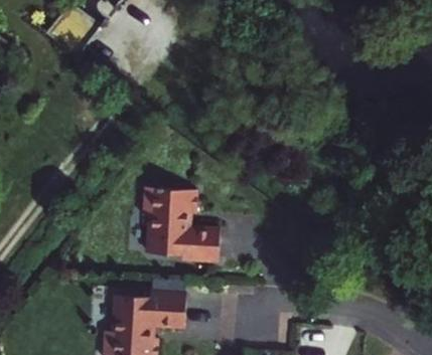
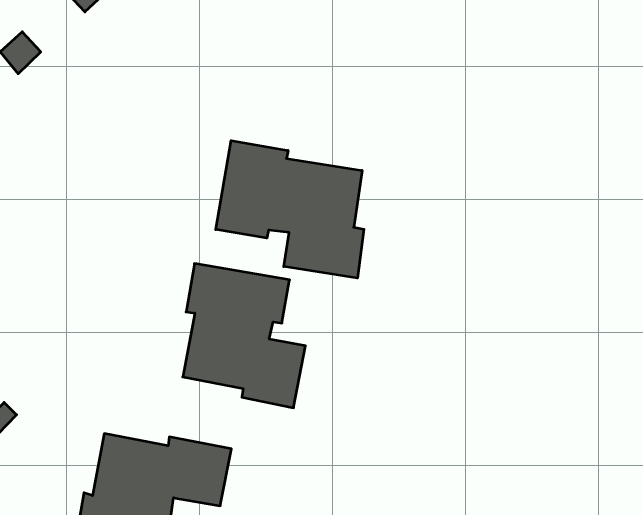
building: none -> [216,141,364,278]

